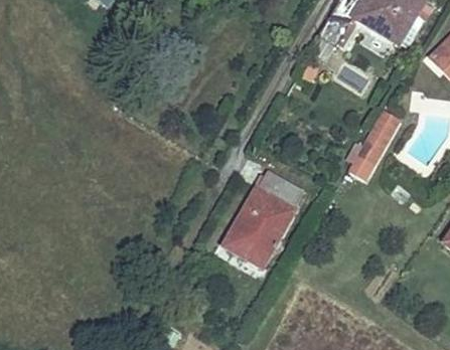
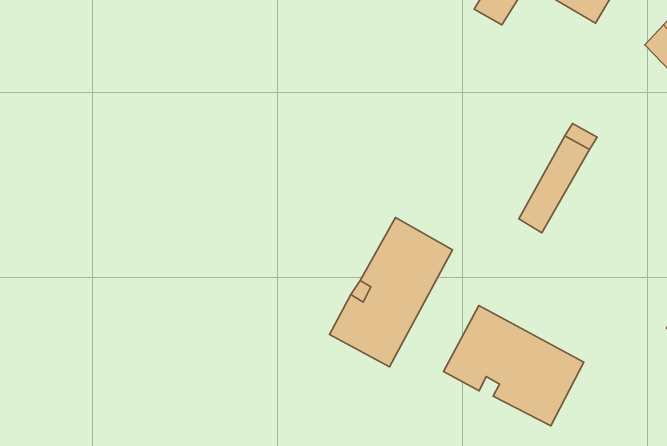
building: none -> [443,306,584,426]

